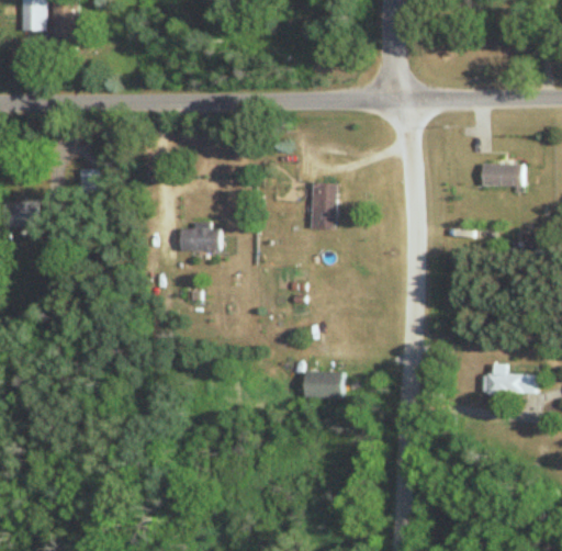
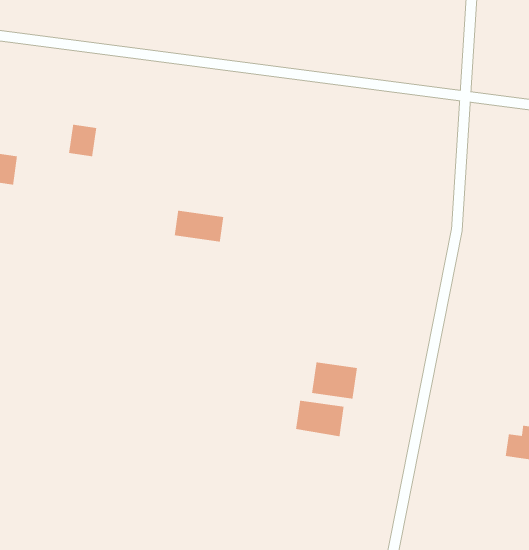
building: [311,182,335,227] -> none
building: none -> [311,361,358,399]

